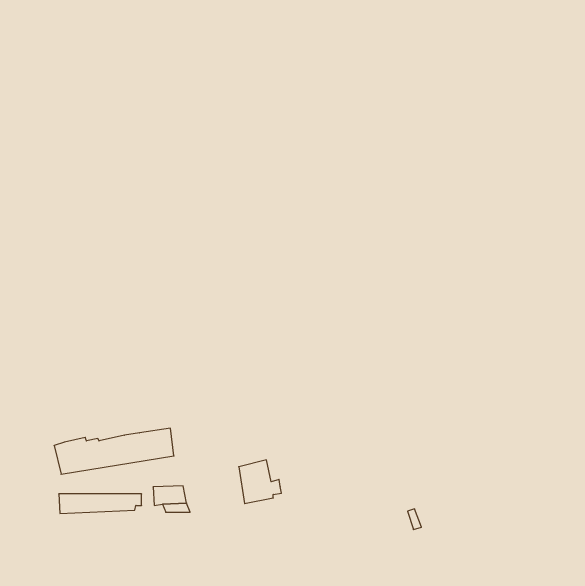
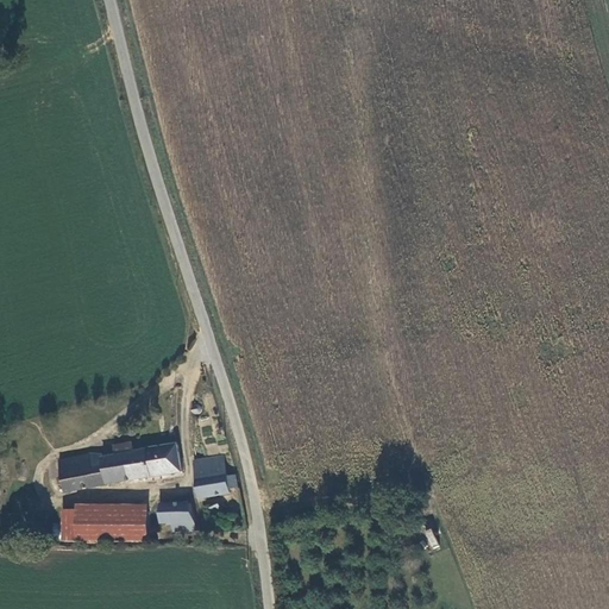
building: [239,460,281,504] -> [192,452,236,497]
building: none -> [62,522,146,539]

